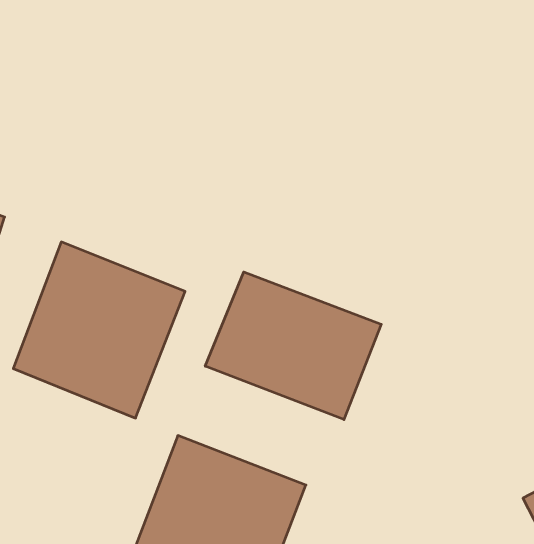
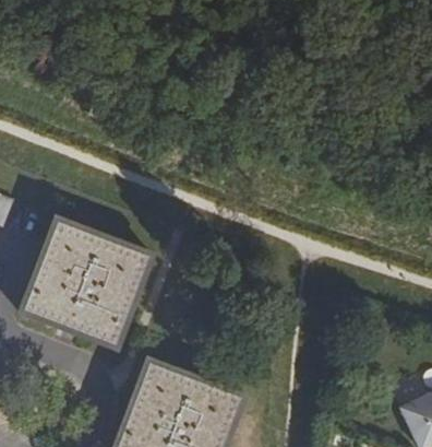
building: [205,272,381,420] -> none

